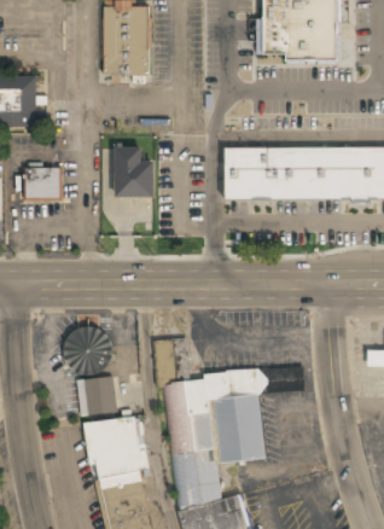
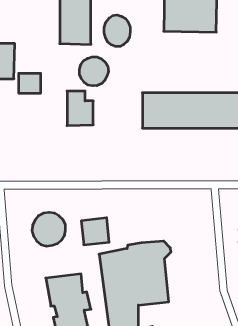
building: none -> [104,15,130,46]
building: none -> [79,57,108,86]
building: [28,169,60,198] -> [19,73,41,93]
building: [76,374,117,414] -> [81,218,109,245]

